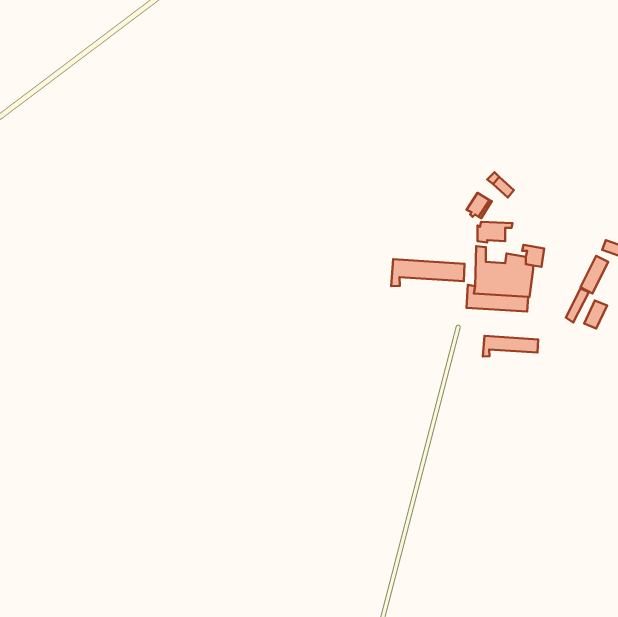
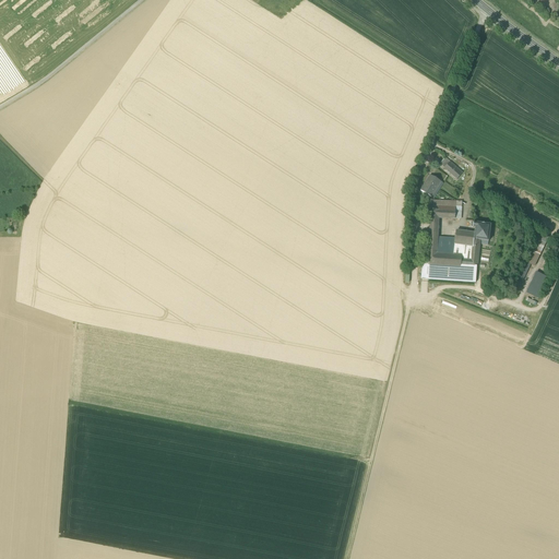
building: [391,259,465,286] -> none
building: [483,336,538,356] -> none

